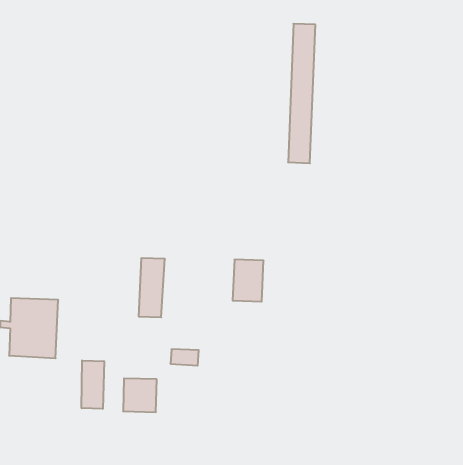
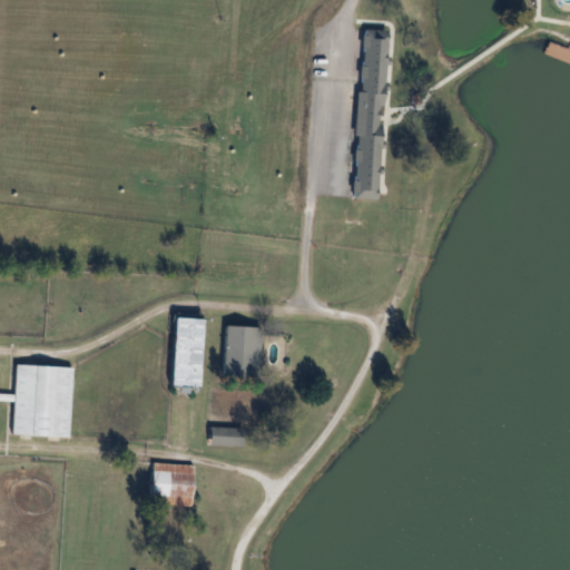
building: [233,260,264,302] -> [225,325,263,376]
building: [82,360,104,409] -> none

